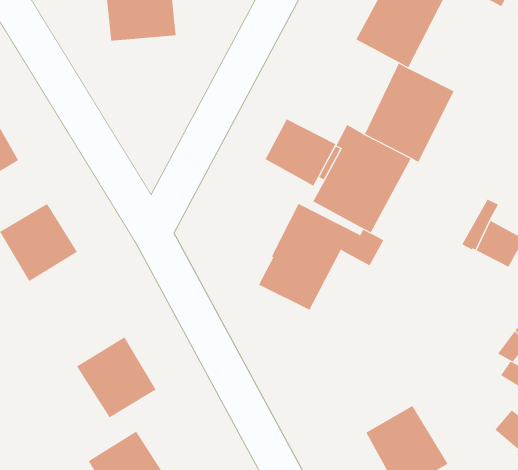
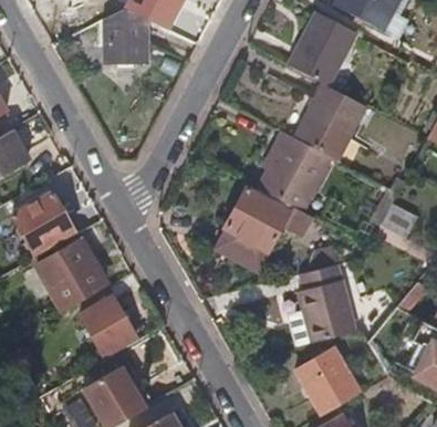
building: [265,118,336,186] -> none
building: none -> [42,238,107,303]
building: none -> [296,268,351,342]

